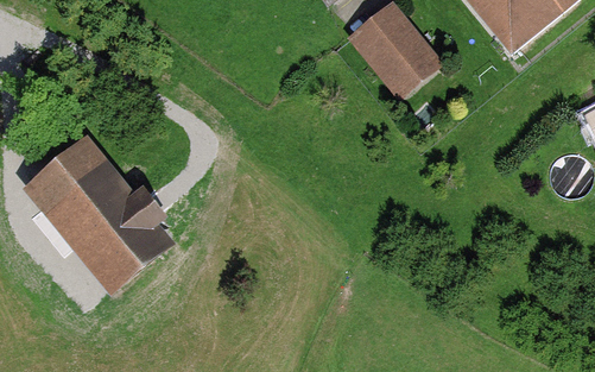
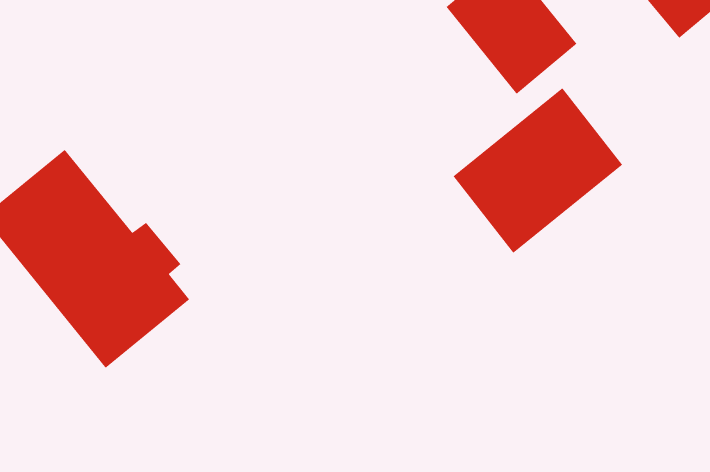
building: none -> [452,87,623,254]

